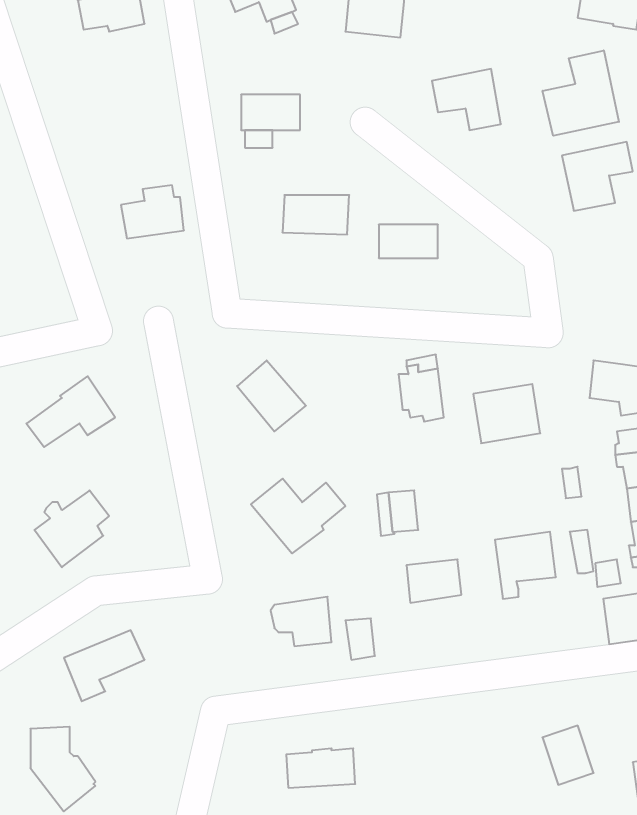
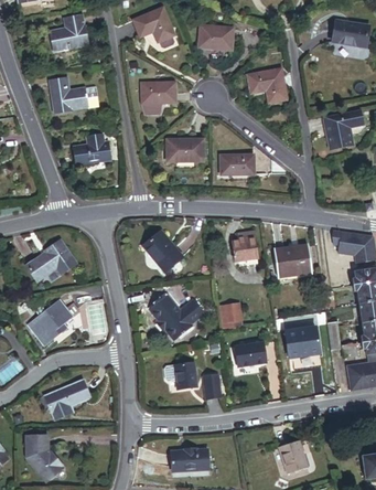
building: [543,50,619,136] -> none
building: none -> [51,75,100,110]
building: [542,726,594,785] -> [278,440,307,473]

